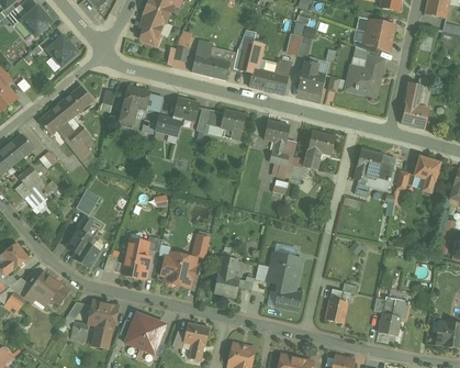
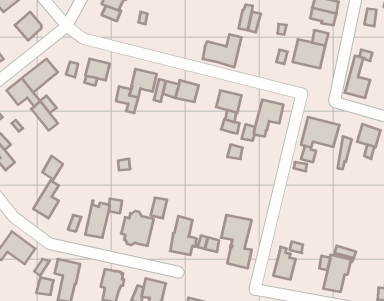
building: [238,40,262,73] -> none
building: [190,48,229,79] -> none
building: [298,60,324,93] -> none

